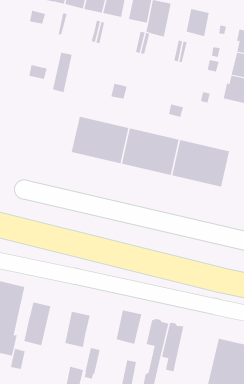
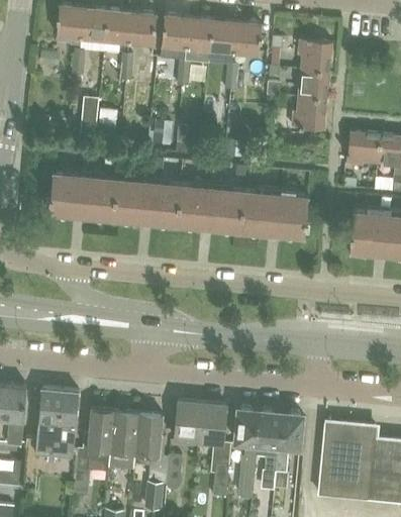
building: none -> [210,21,236,54]
building: none -> [48,169,117,220]
building: none -> [175,402,202,442]
building: none -> [110,412,139,455]
building: none -> [276,414,302,474]

